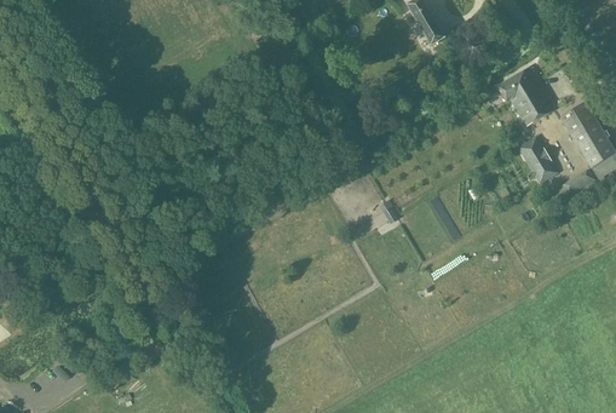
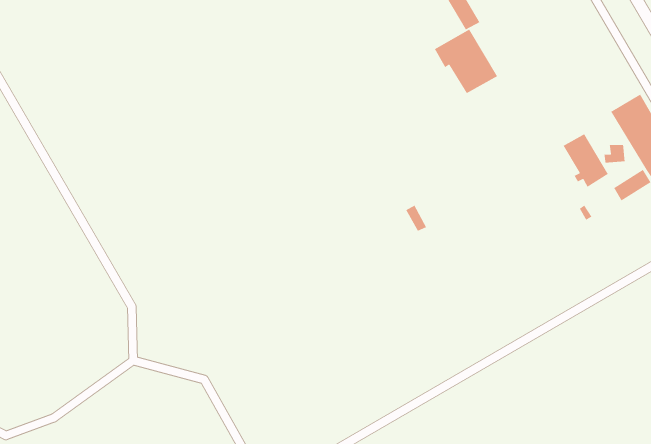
building: [499,67,555,125] -> [434,28,498,94]

